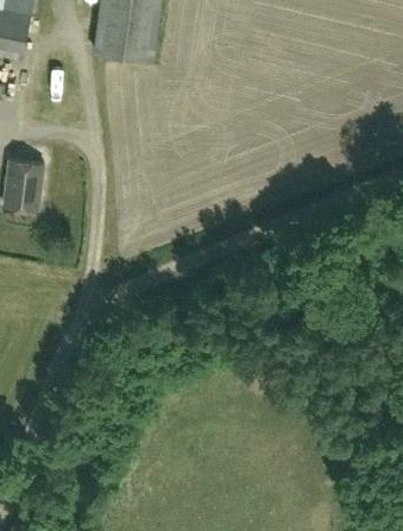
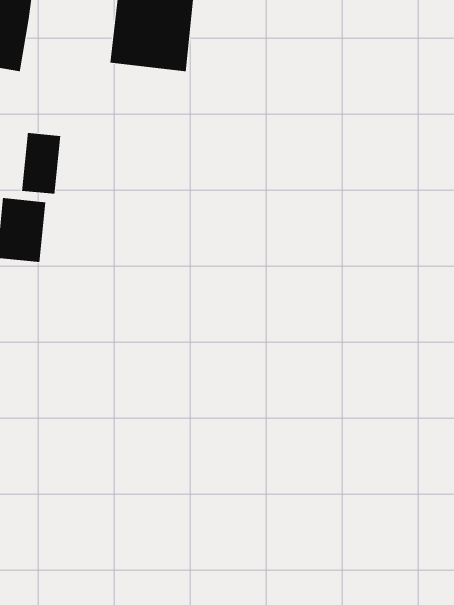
building: none -> [22,132,61,195]

